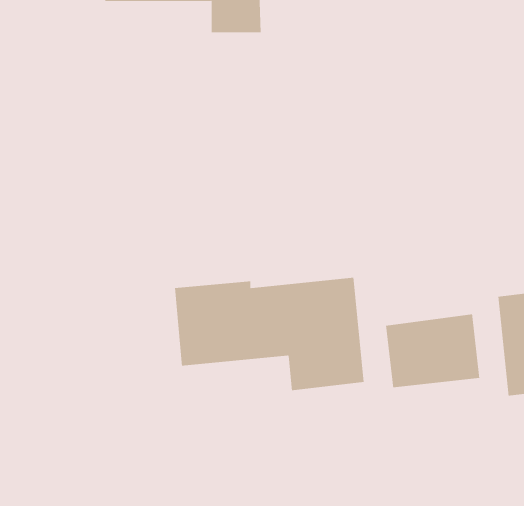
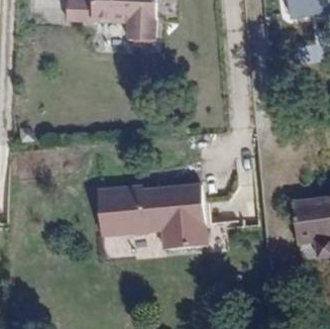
building: [385,313,480,388] -> none

